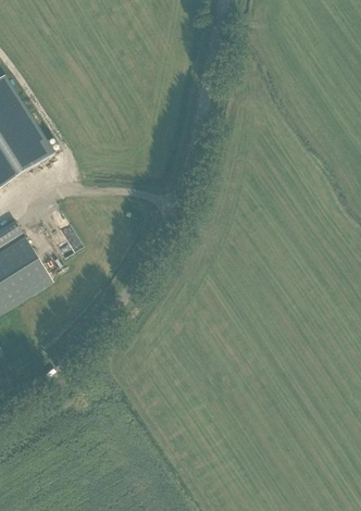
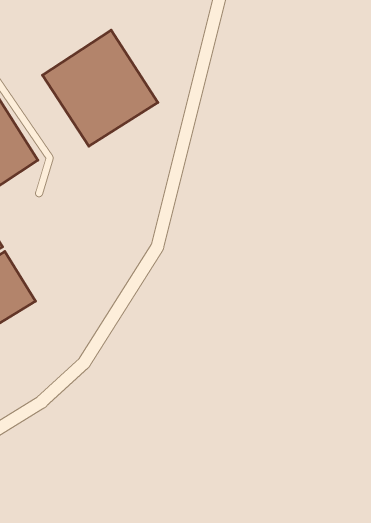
building: none -> [43,30,158,146]

